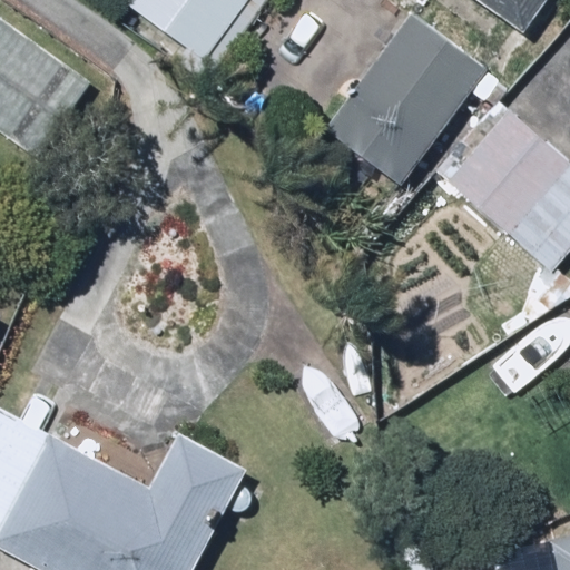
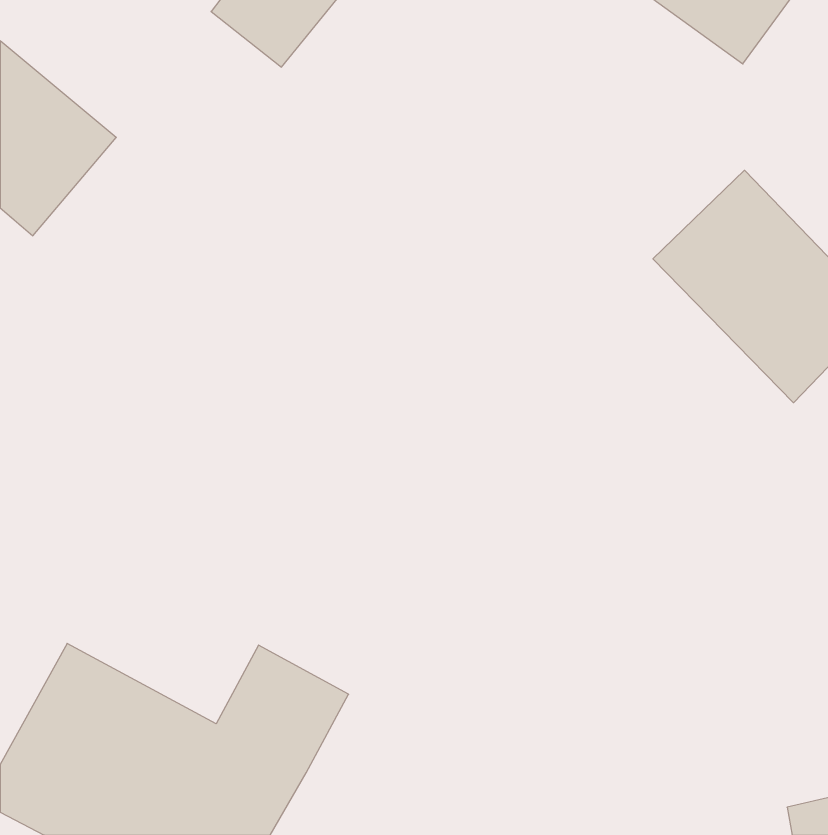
building: [323,10,492,184] -> none

